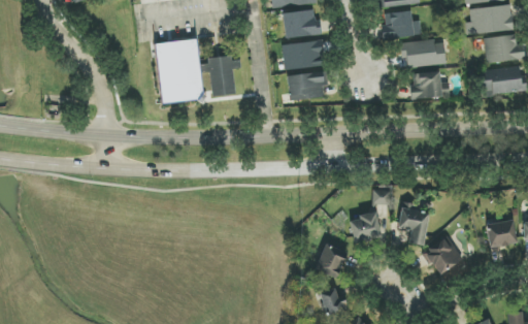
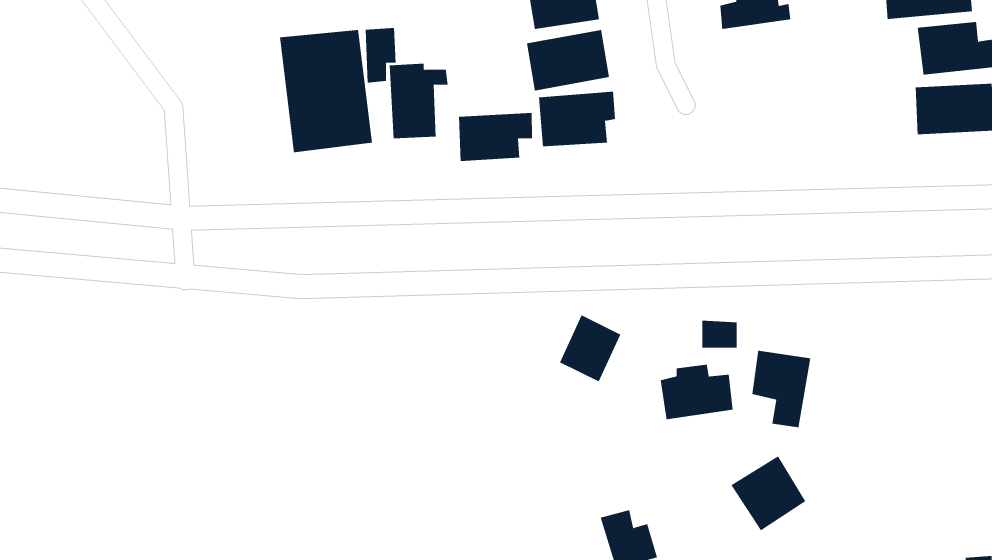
building: [400,39,446,68] -> none
building: [411,71,441,99] -> none
building: none -> [459,112,533,162]
building: [487,221,516,247] -> none
building: [423,235,462,274] -> [731,455,806,531]
building: [315,244,346,279] -> [559,315,621,382]

